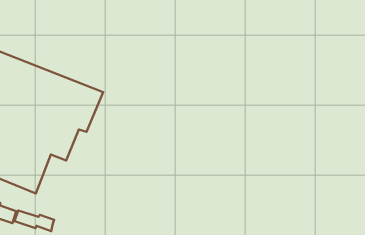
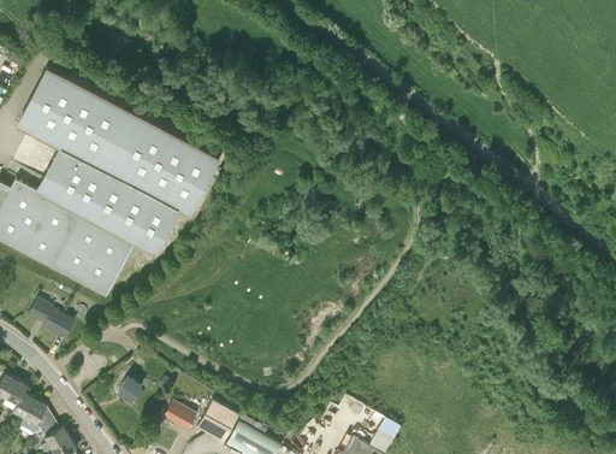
building: [14,210,54,231] -> none

